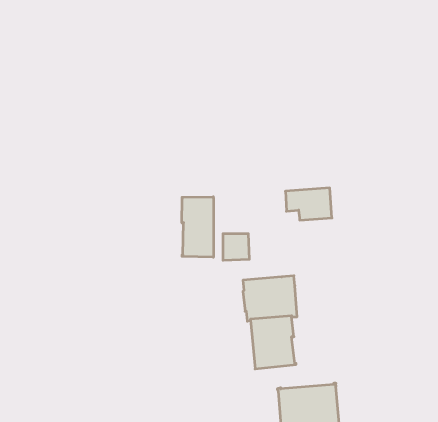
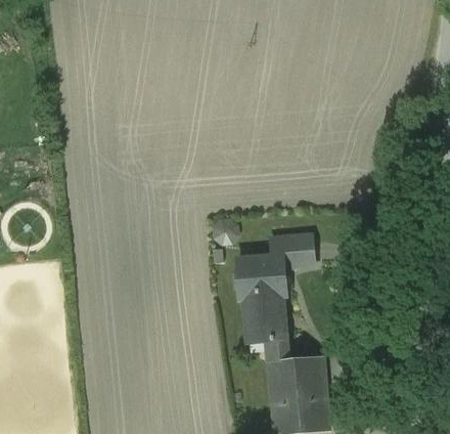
building: [285,188,332,220] -> [271,235,314,265]
building: [182,197,213,257] -> none

